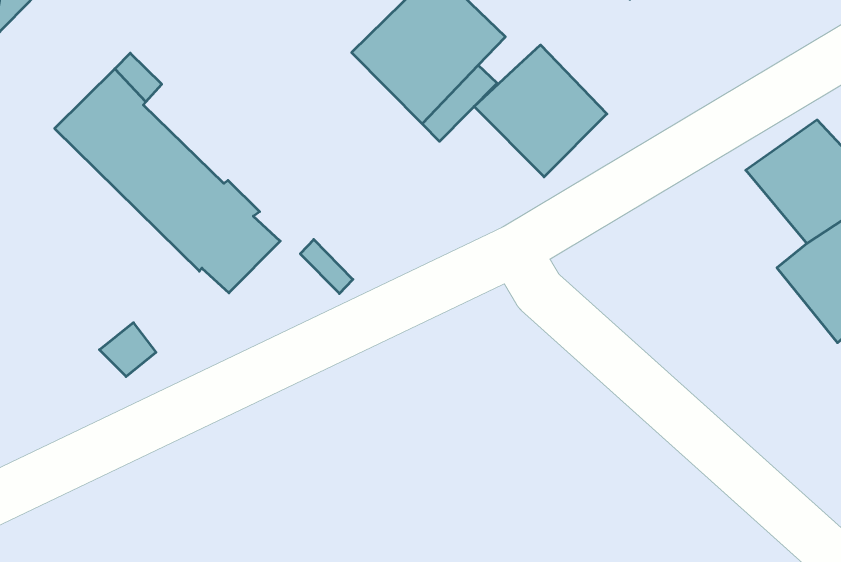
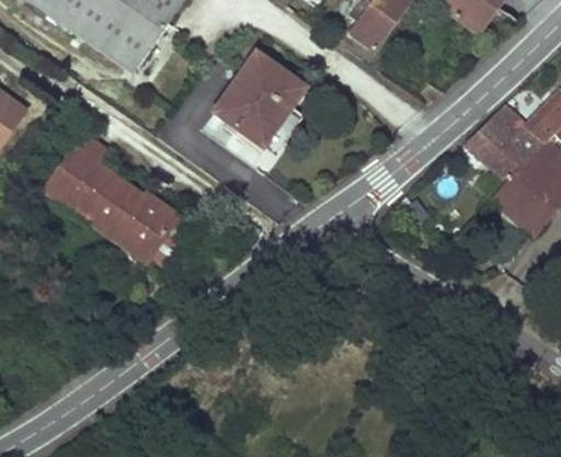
building: [474,45,607,177] -> none

